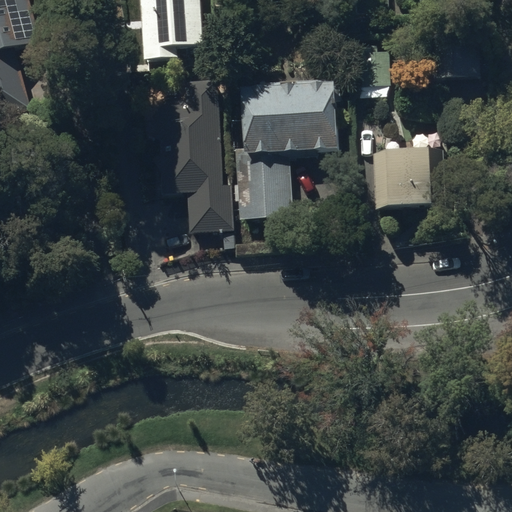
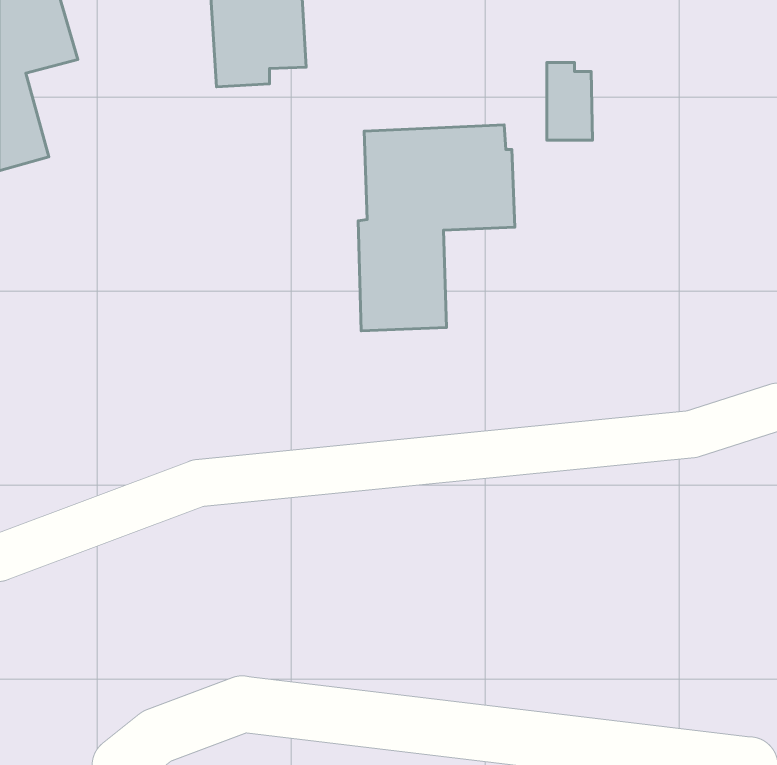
building: [154,76,233,227] -> none
building: [373,148,446,206] -> none

